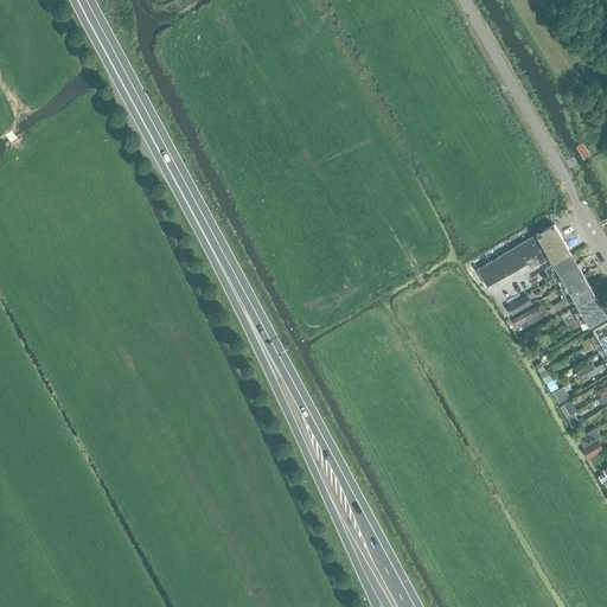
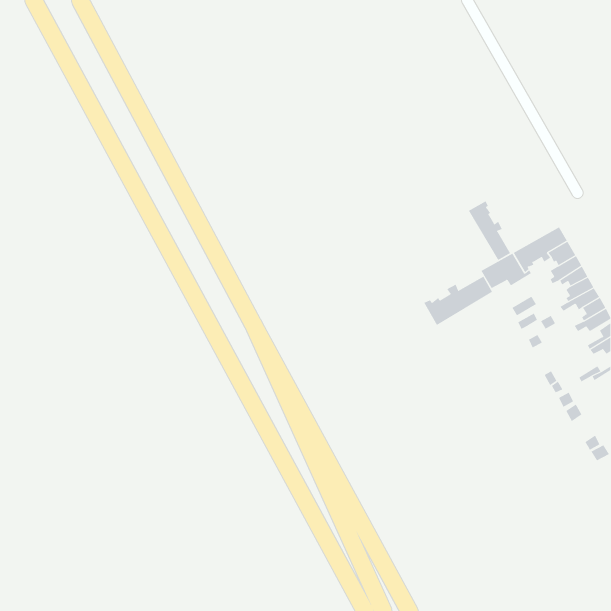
building: none -> [468,200,511,261]
building: none -> [423,276,493,326]

